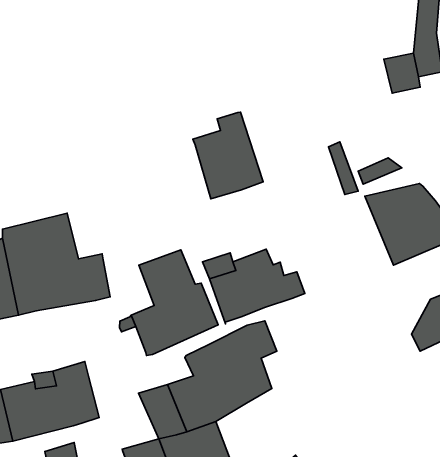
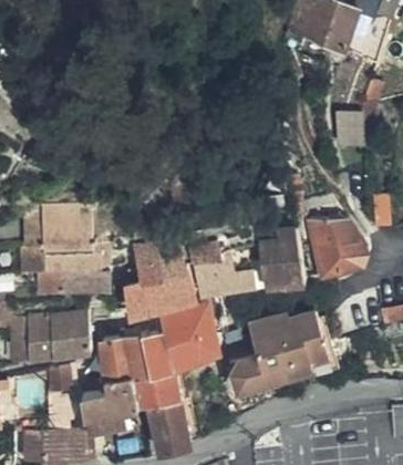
building: [193,112,263,199] -> [258,226,304,286]
building: none -> [56,269,102,293]
building: none -> [231,309,329,393]
building: none -> [99,341,132,380]

